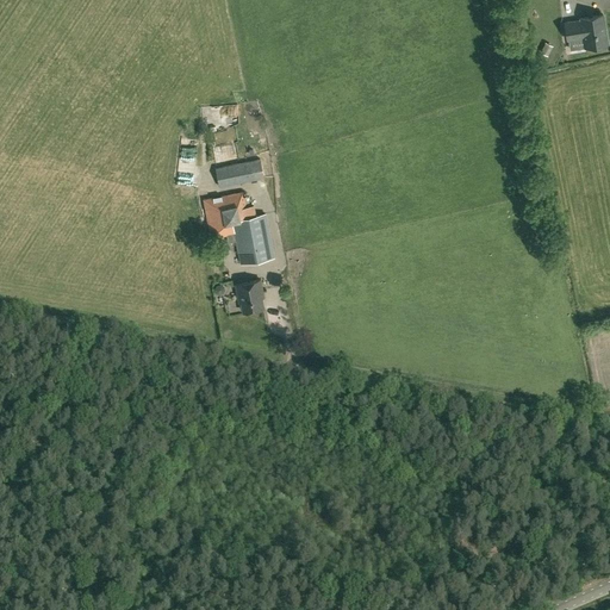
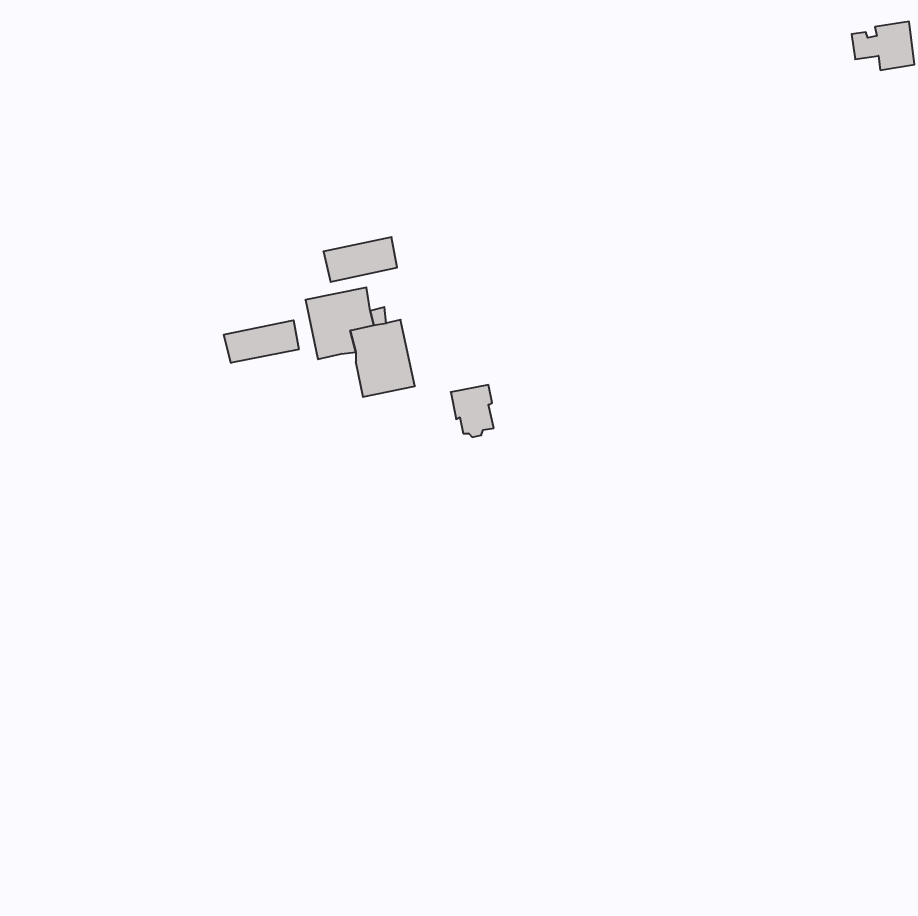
building: none -> [224,320,299,363]
building: [235,280,263,315] -> [451,385,494,437]

